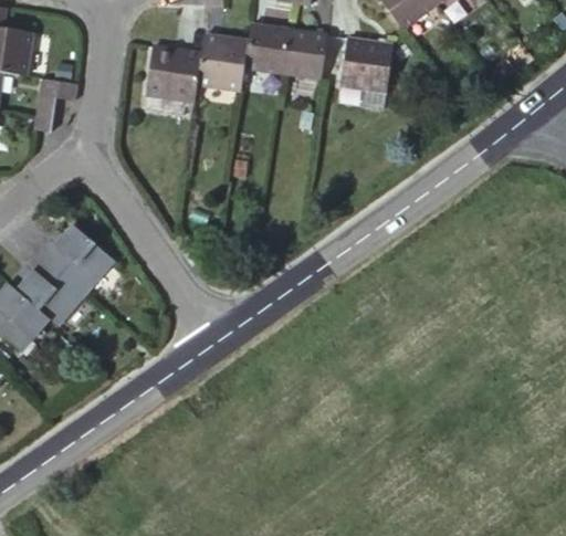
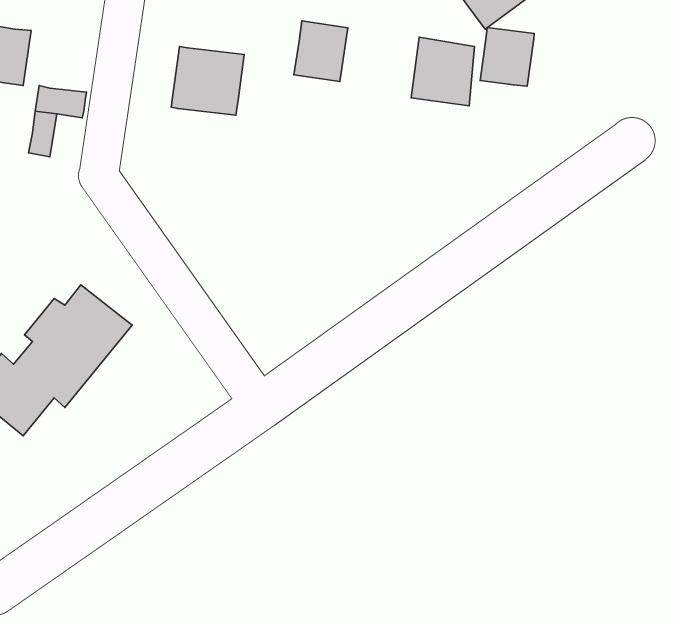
building: none -> [480,28,534,86]
building: [282,27,328,77] -> none
building: [199,30,249,90] -> none

